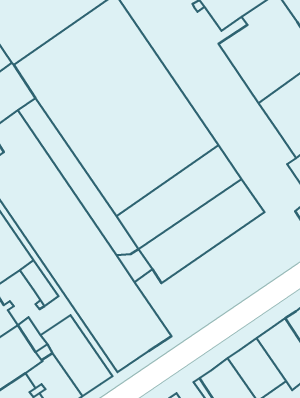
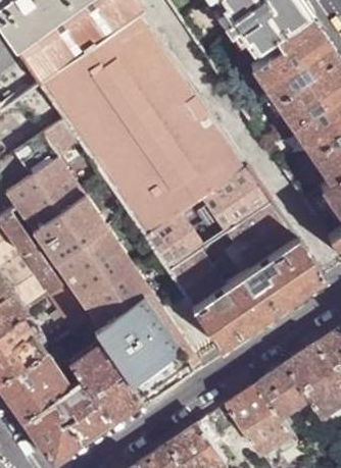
building: none -> [191,237,323,350]

